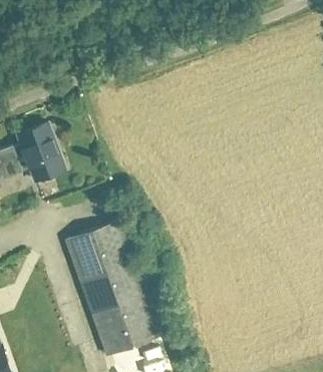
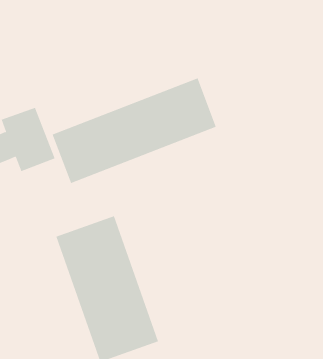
building: none -> [52,77,217,184]

